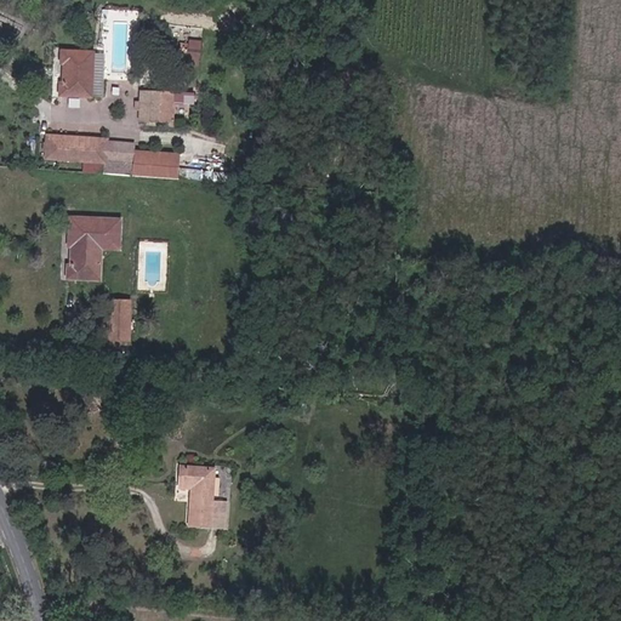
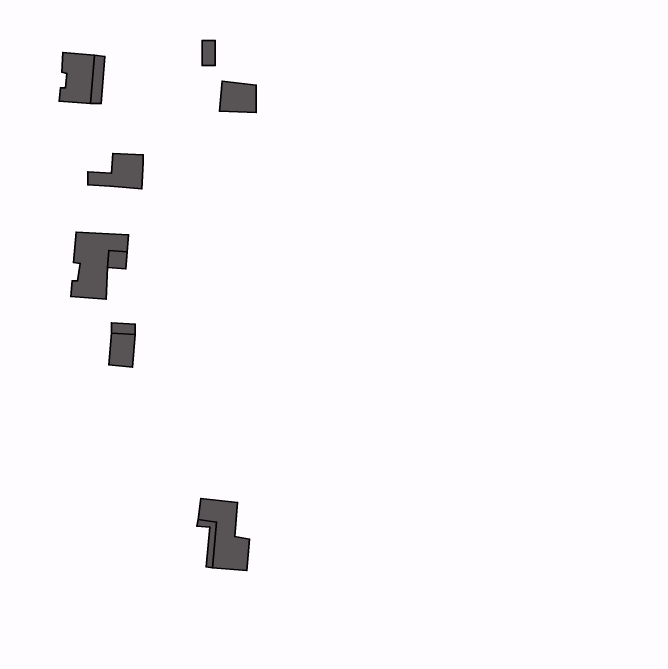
building: [137,91,171,120] -> [220,81,256,113]
building: [45,135,104,160] -> none
building: [131,150,177,178] -> none

